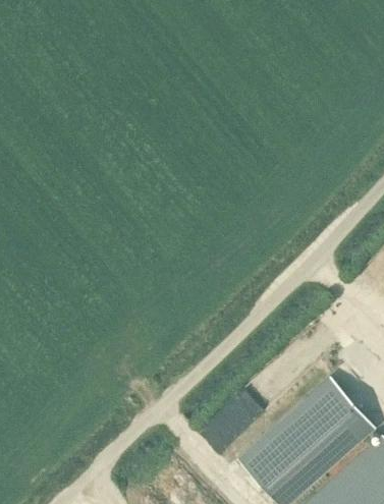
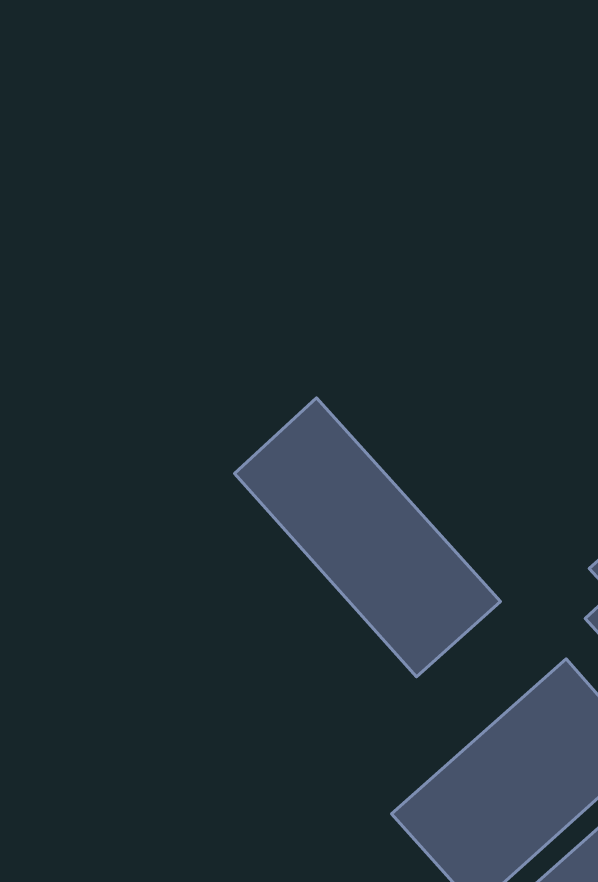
building: none -> [235,398,500,677]

